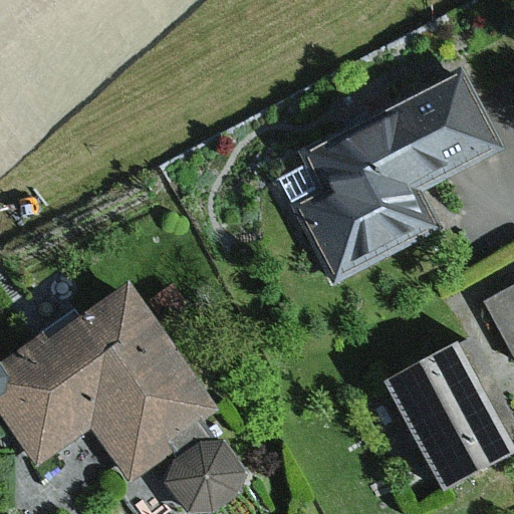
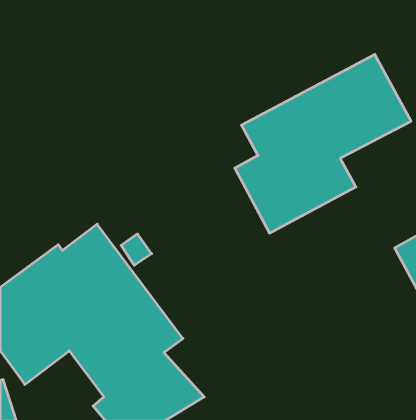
building: [378,335,509,491] -> none

